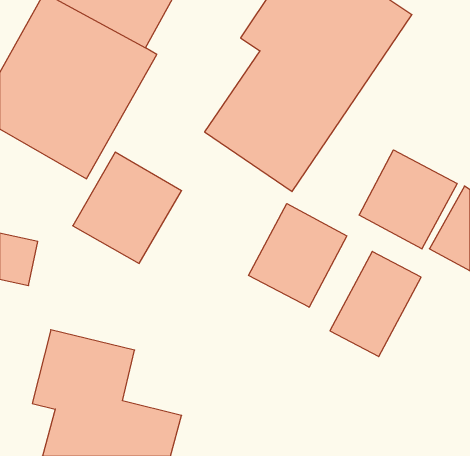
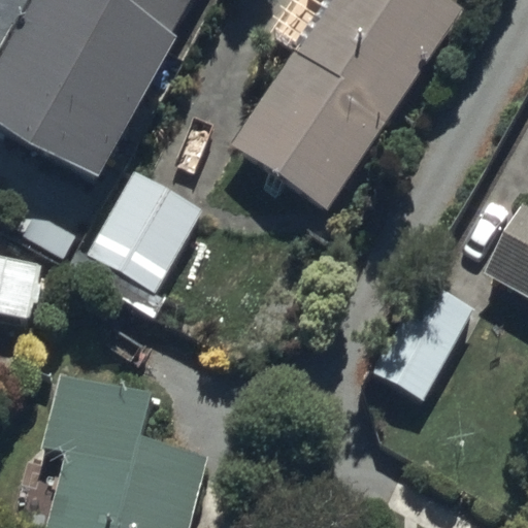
building: [359,150,457,249] -> none
building: [249,204,347,307] -> none

